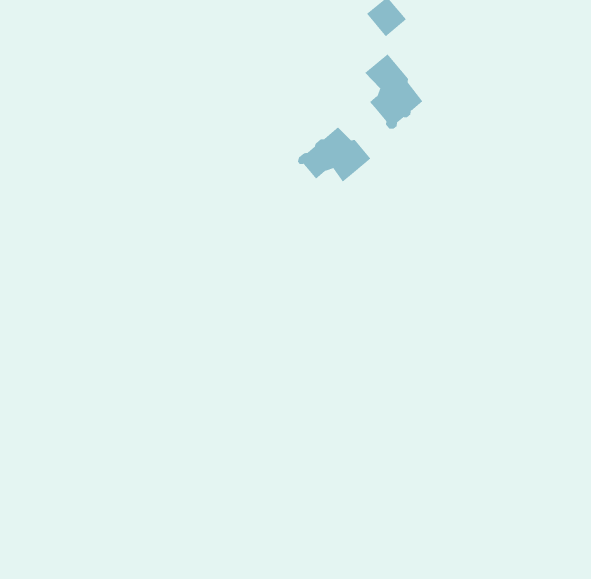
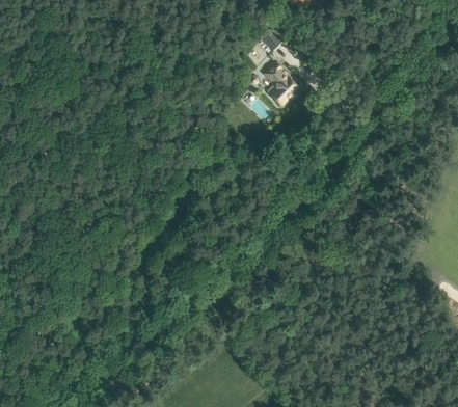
building: [297,126,371,183] -> none

